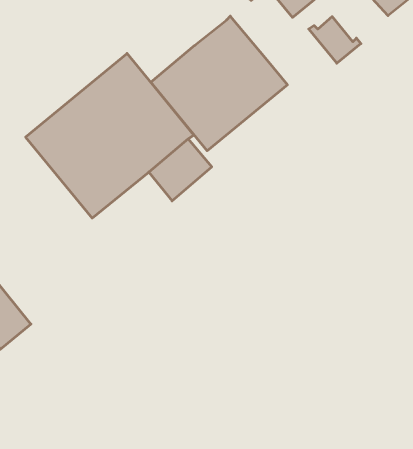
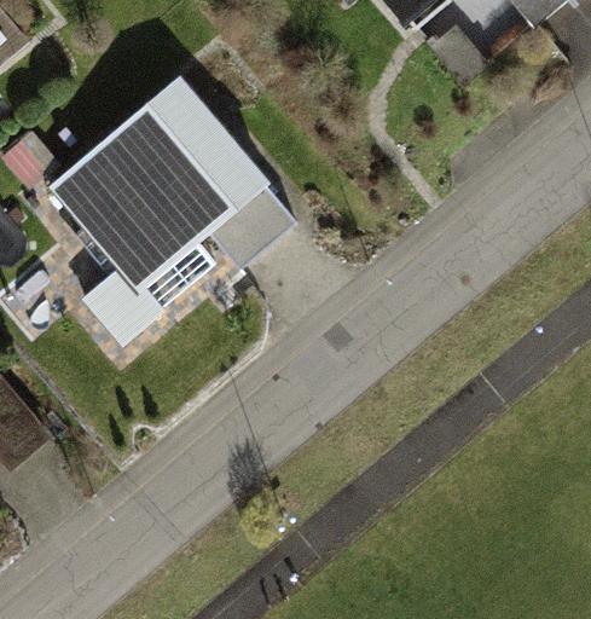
building: [151,16,287,151] -> none

